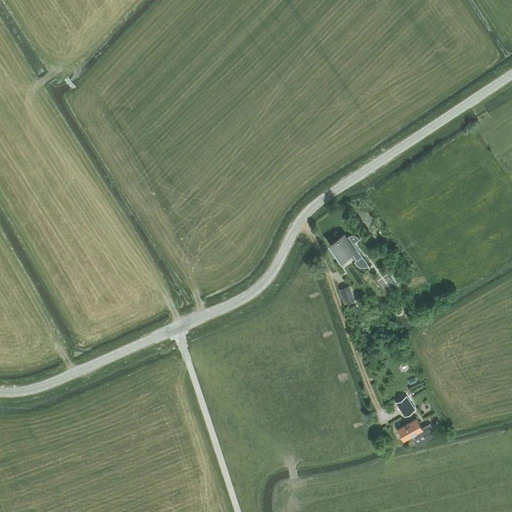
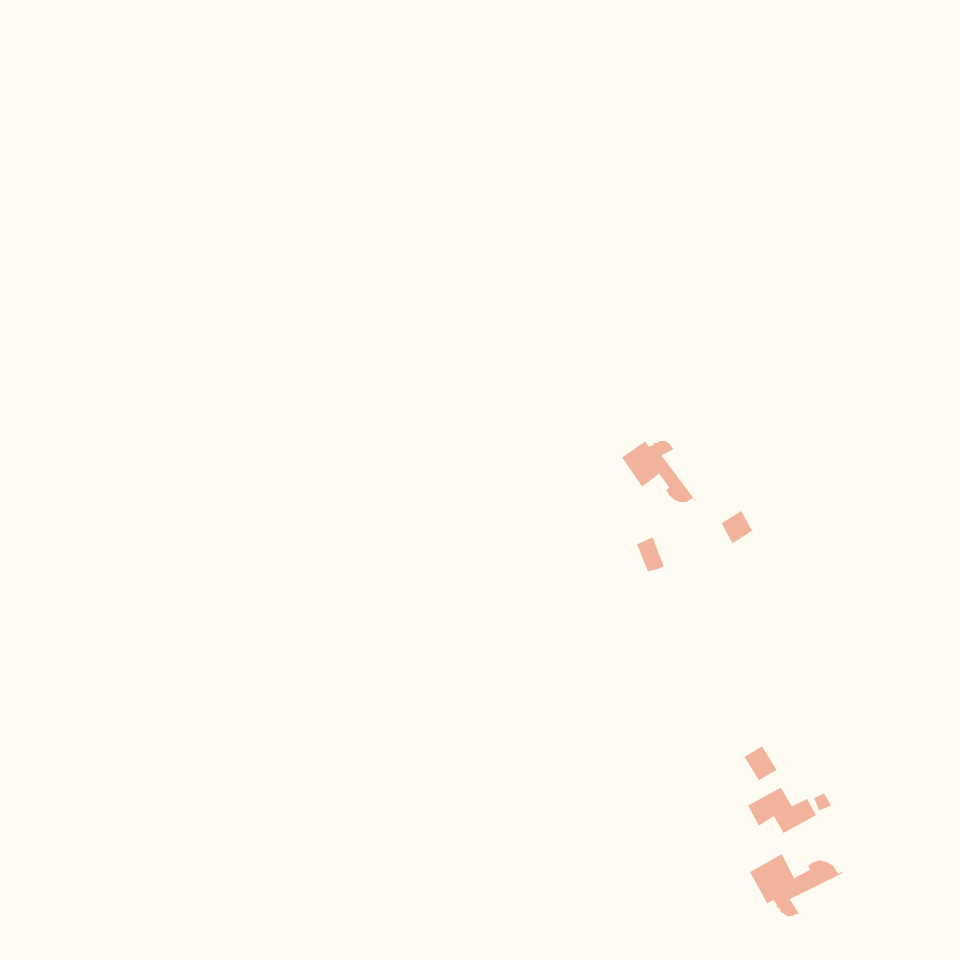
building: none -> [749,853,843,918]

